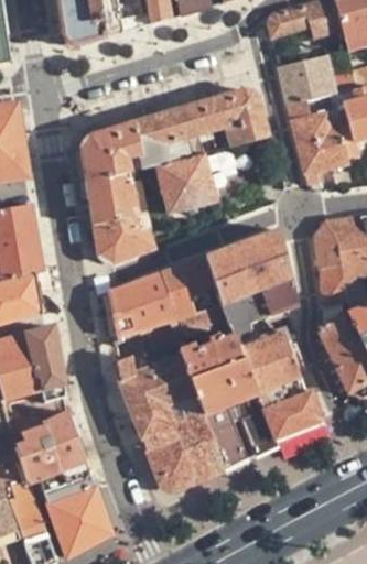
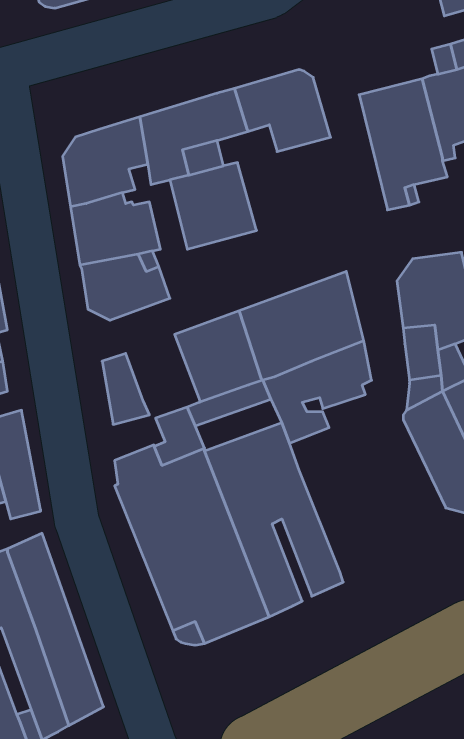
building: [278,53,337,106] -> none
building: [125,273,176,329] -> none
building: [239,330,323,440] -> none

